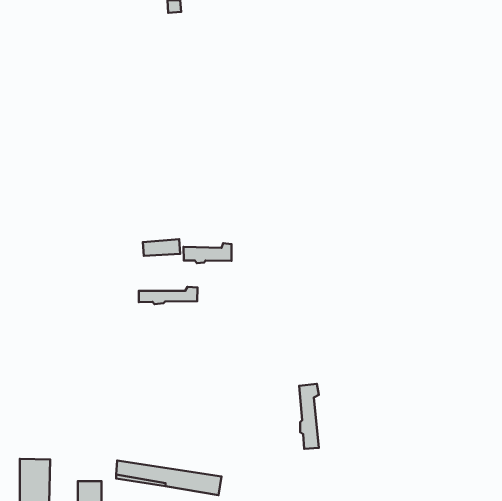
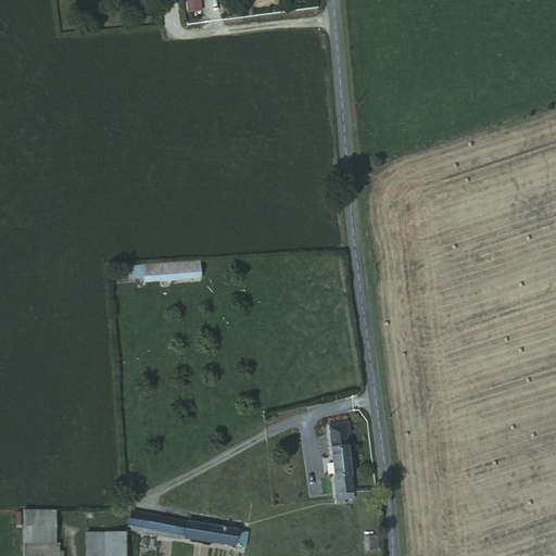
building: [183,243,231,263] -> none
building: [139,287,198,304] -> none

